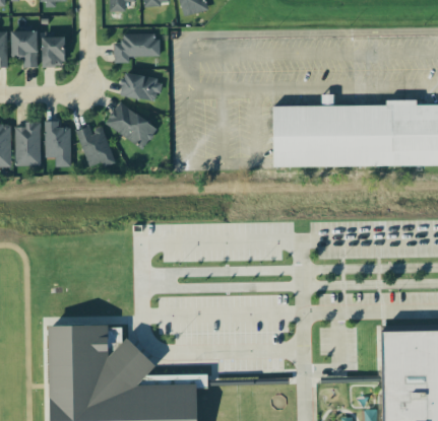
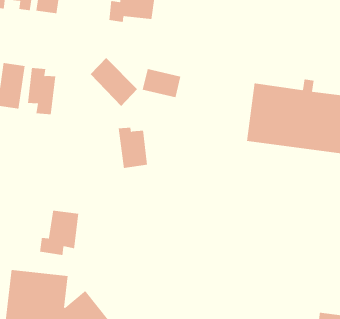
building: [125,75,163,100] -> [142,69,181,98]
building: [77,126,113,168] -> [118,127,148,168]
building: none -> [40,210,79,256]

